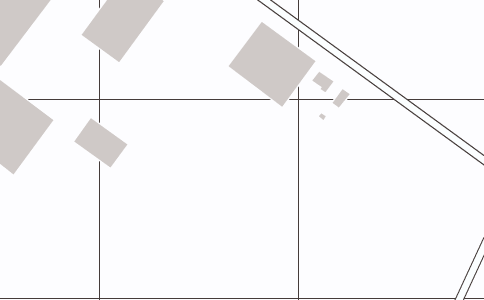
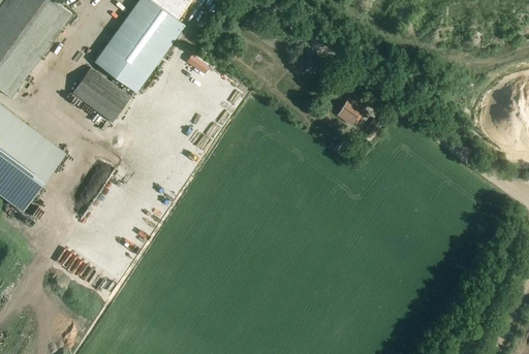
building: [228,21,317,108] -> none
building: [73,117,128,169] -> [71,68,130,123]

